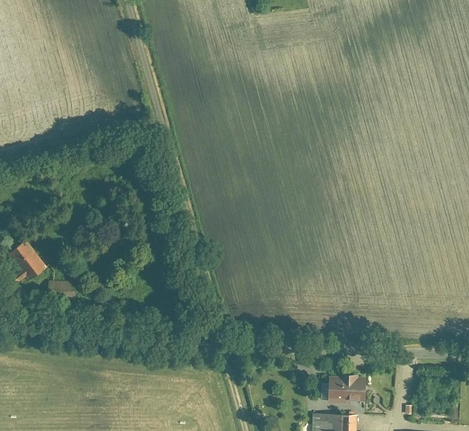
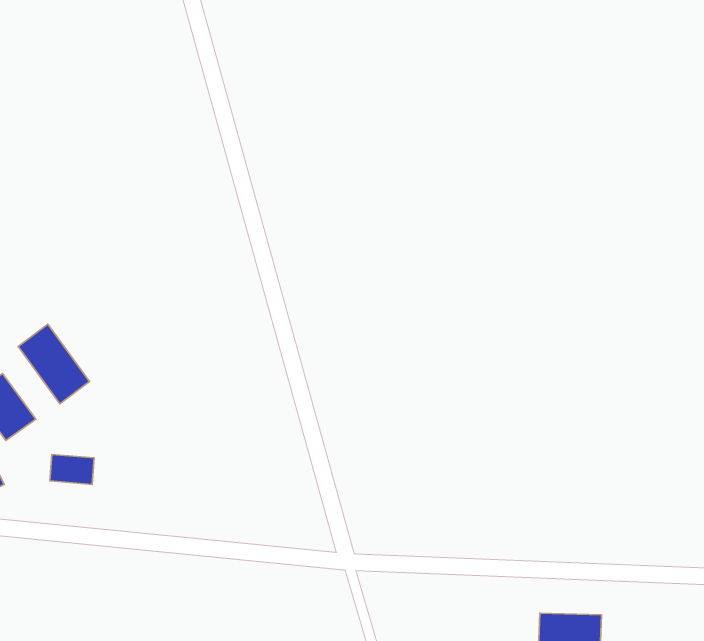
building: none -> [18,324,90,404]

